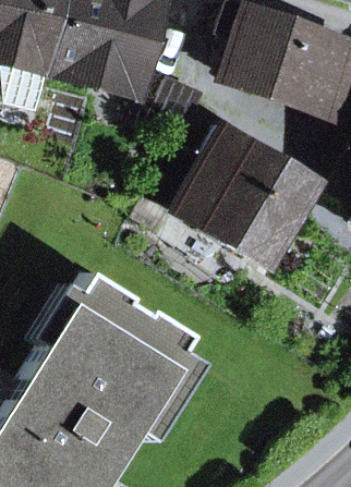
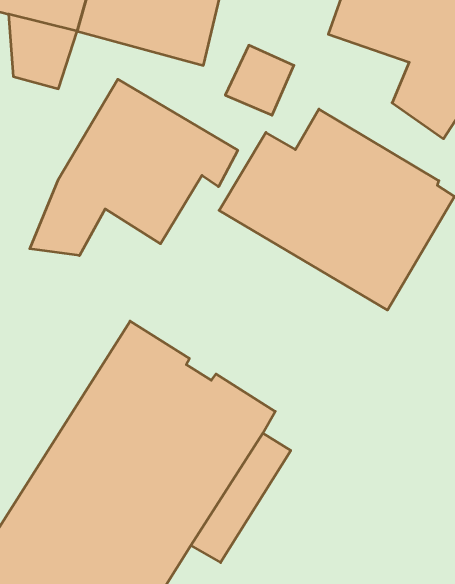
building: none -> [30,79,238,256]

